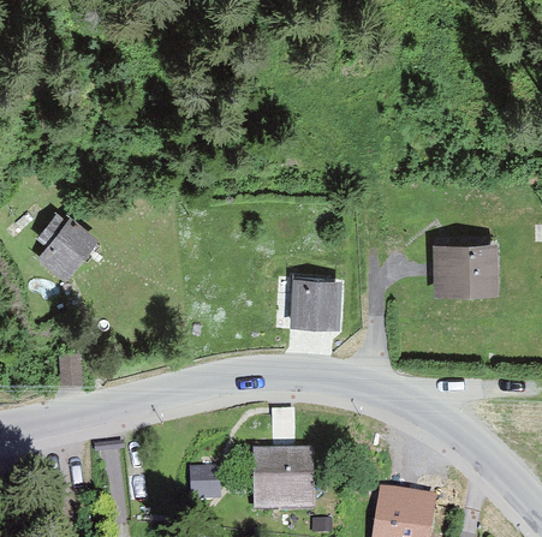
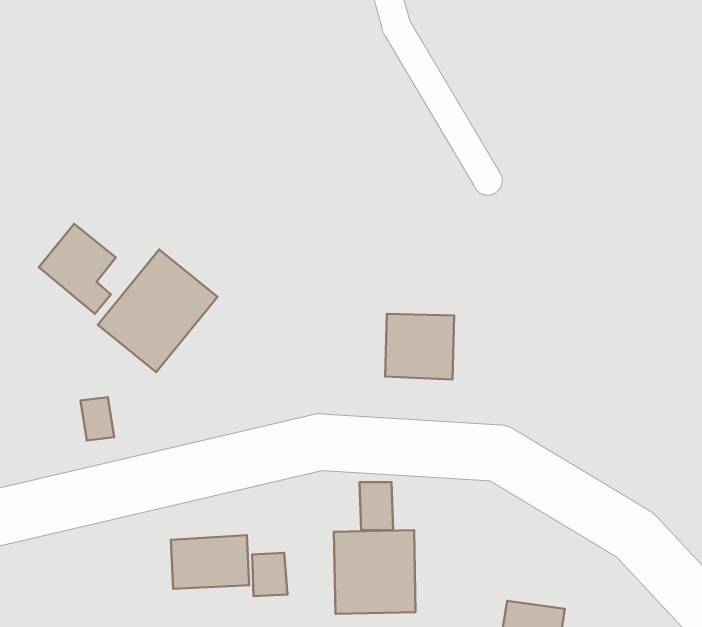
building: none -> [98,249,218,372]
building: [433,244,499,299] -> none
building: none -> [171,535,249,589]

